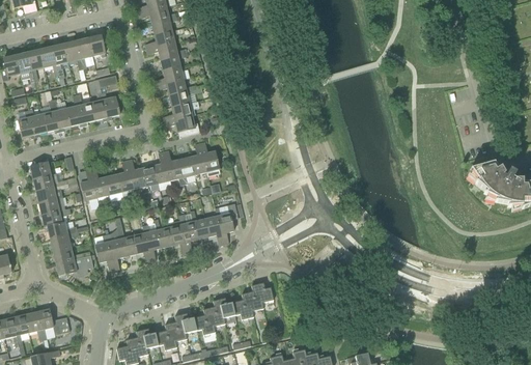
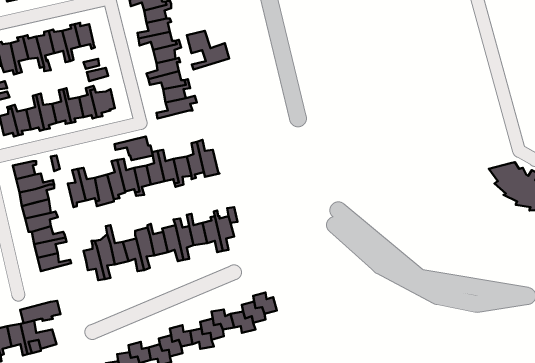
building: none -> [187,31,229,70]
building: [164,114,199,136] -> [115,136,153,160]
building: [56,254,93,275] -> [20,301,61,323]

